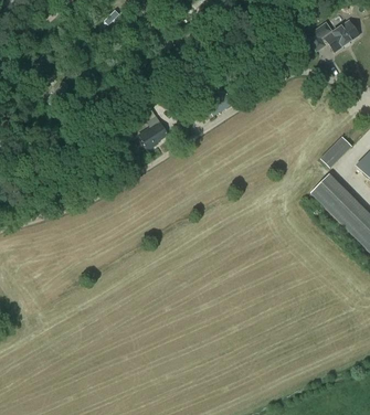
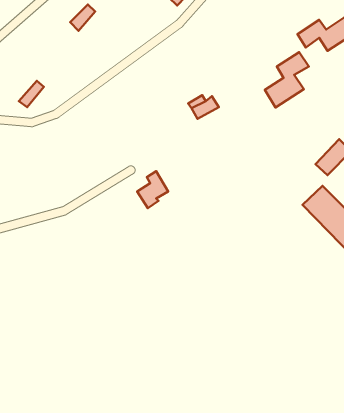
building: none -> [265,52,309,107]
building: [139,115,168,149] -> [137,171,168,208]

